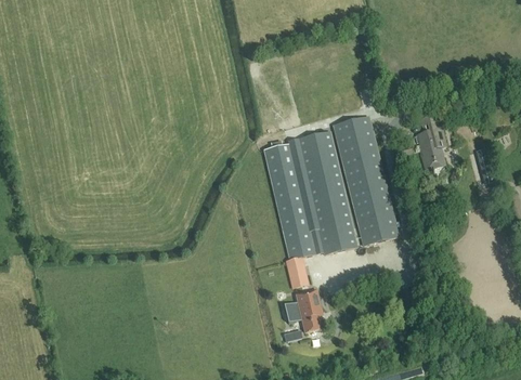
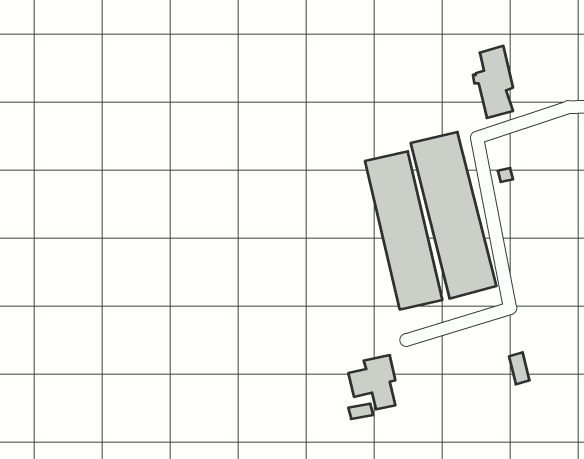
building: [414,113,445,169] -> [473,46,513,118]
building: [262,143,315,287] -> none

